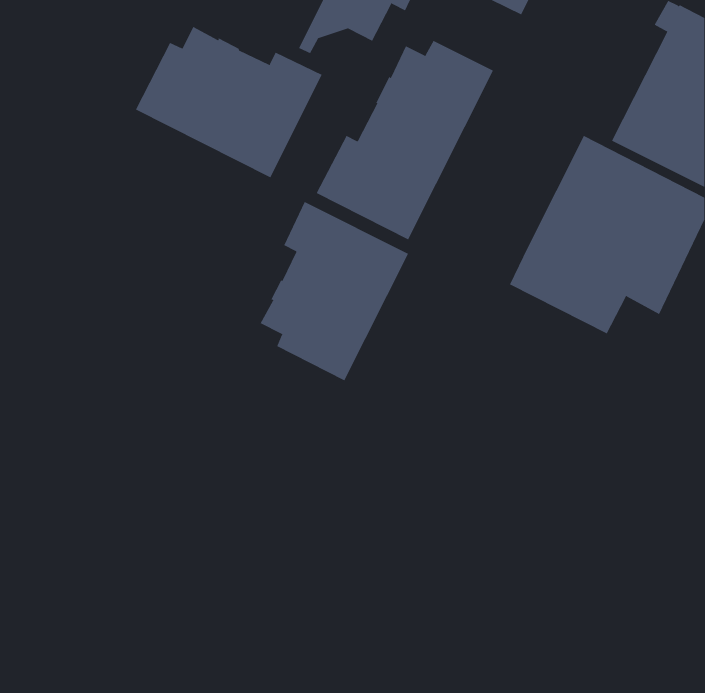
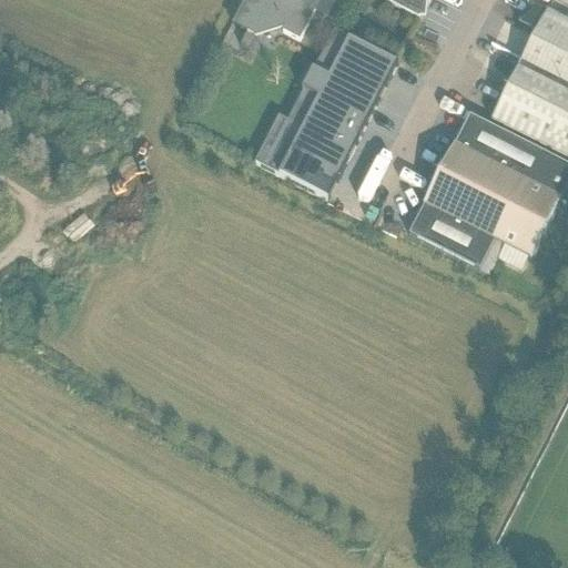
building: [135,26,323,178] -> none
building: [260,201,409,381] -> none

